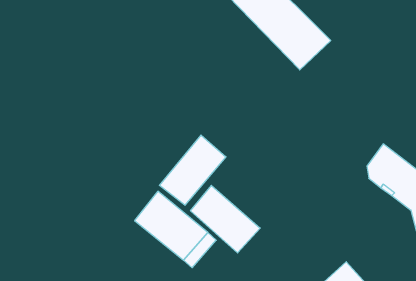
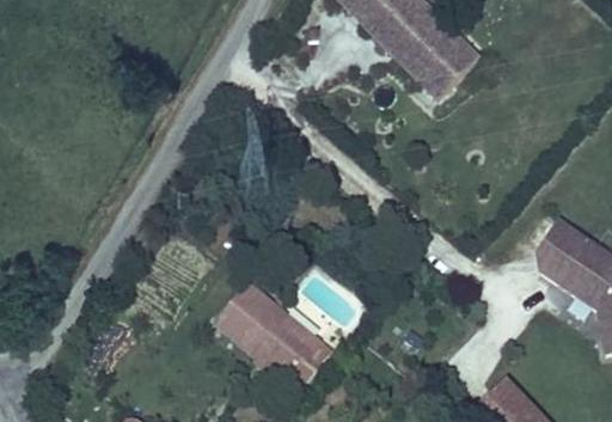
building: [159,135,226,205] -> none
building: [191,185,260,253] -> none

